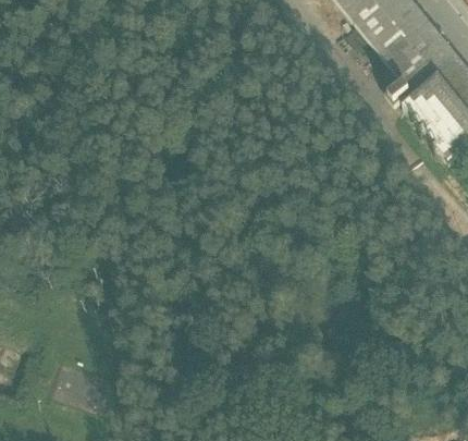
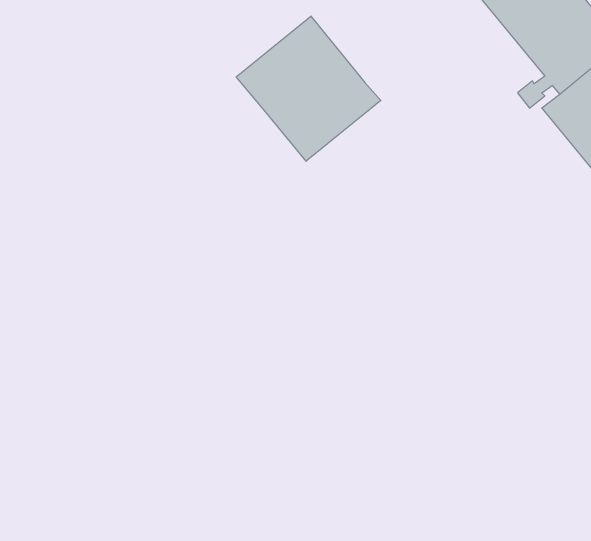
building: none -> [236,16,381,161]

